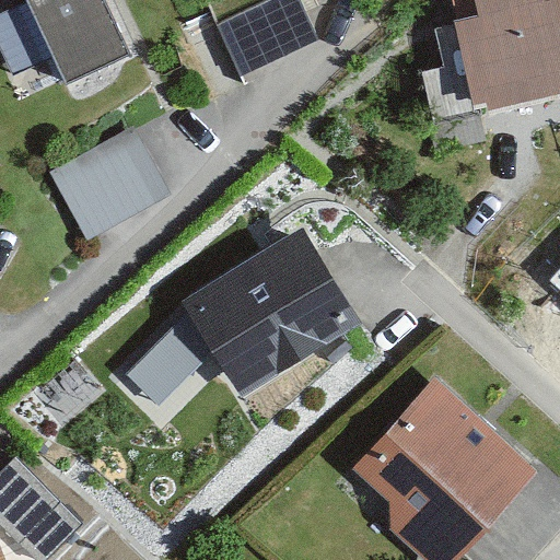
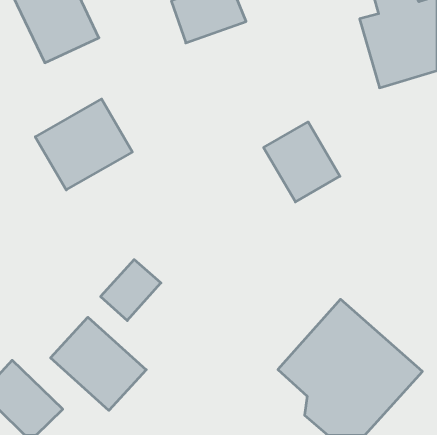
building: none -> [264,122,340,202]
building: [188,231,364,395] -> none
building: none -> [51,317,146,410]

